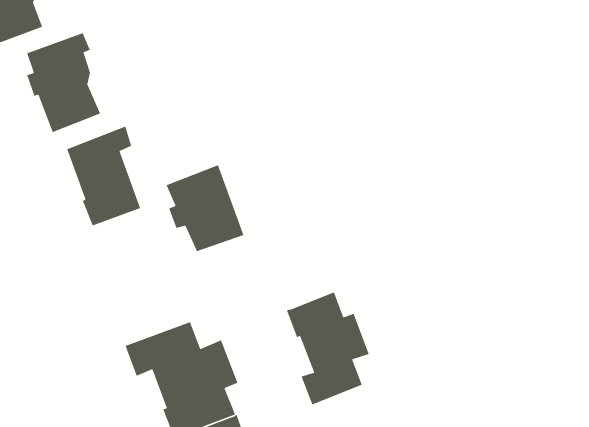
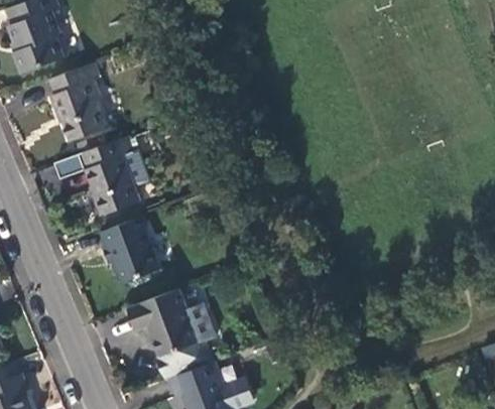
building: [166,164,244,252] -> [99,216,160,284]
building: [286,292,370,405] -> none

